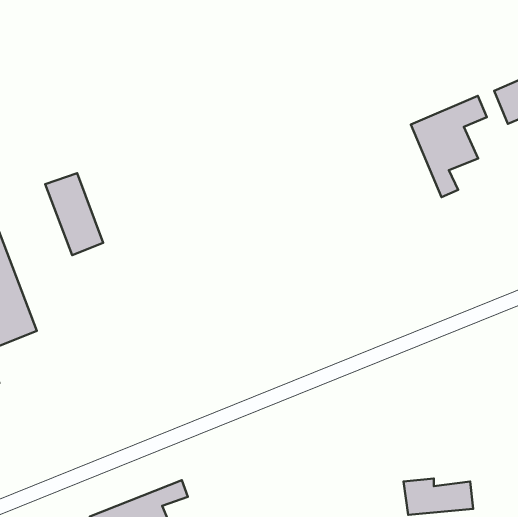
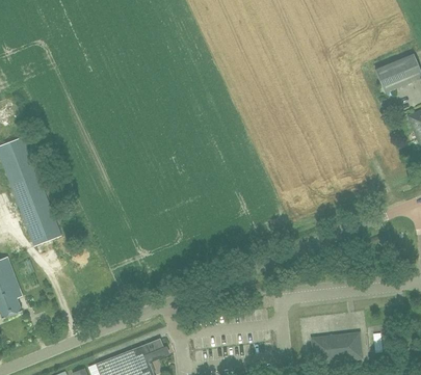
building: [411,96,487,197] -> none
building: [45,173,103,255] -> none

